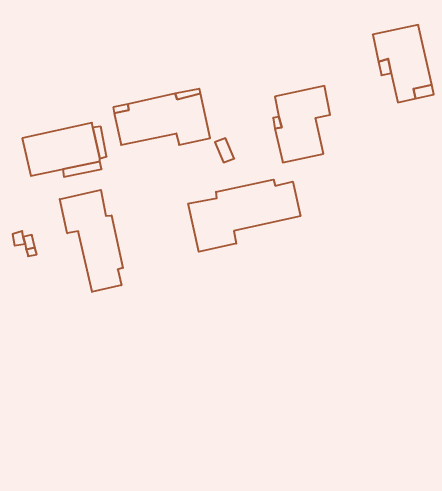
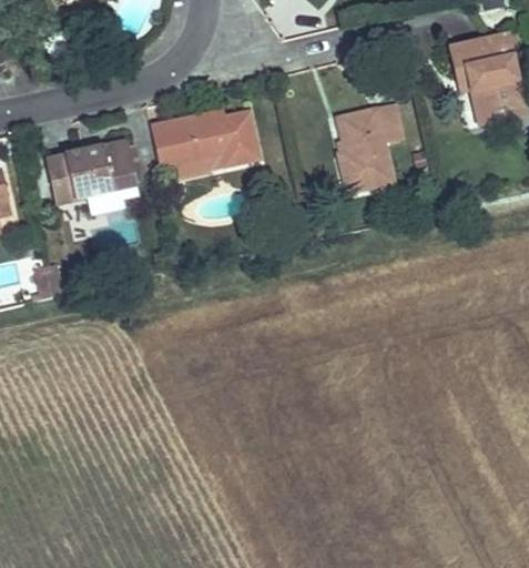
building: [188,180,300,252] -> none
building: [60,190,123,292] -> none

